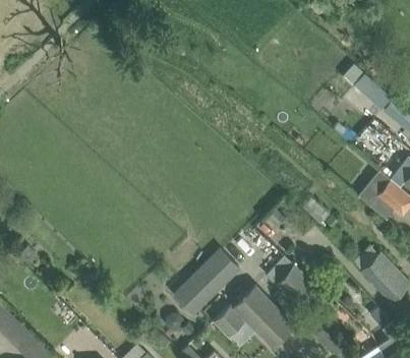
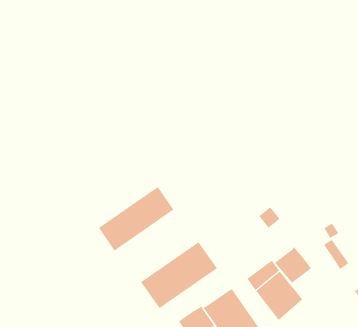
building: none -> [98,186,174,251]
building: none -> [274,246,312,283]

